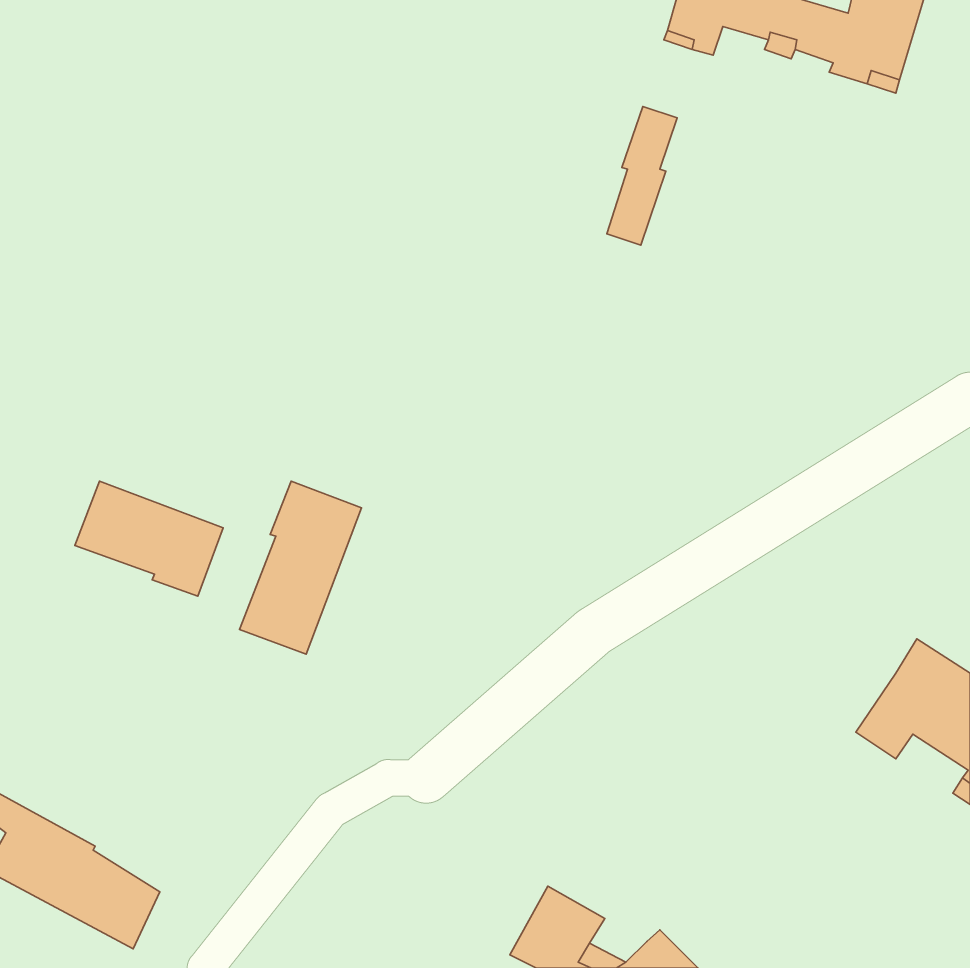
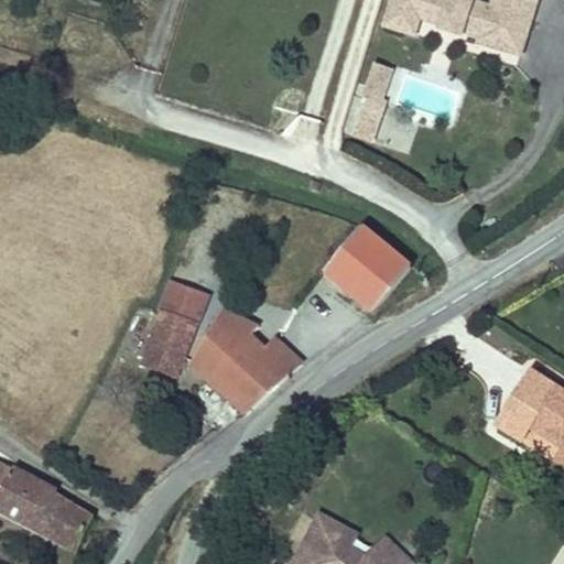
building: none -> [324,226,410,311]
building: [75,481,223,596] -> none
building: none -> [192,310,300,412]

